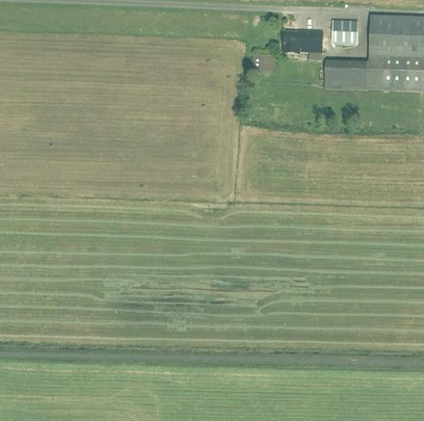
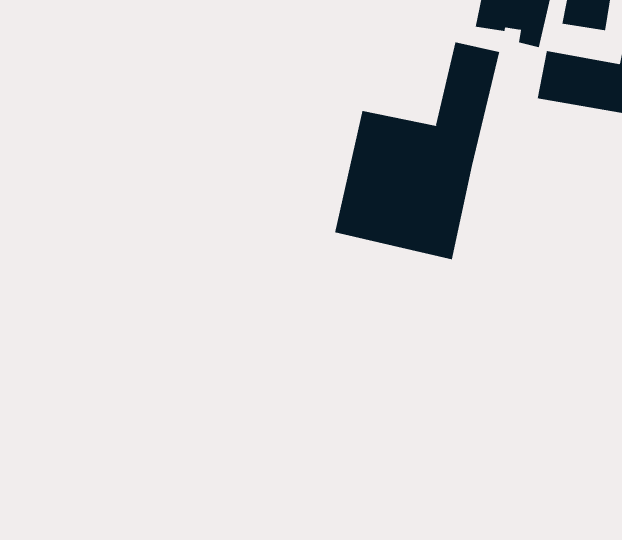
building: none -> [334,41,500,260]

